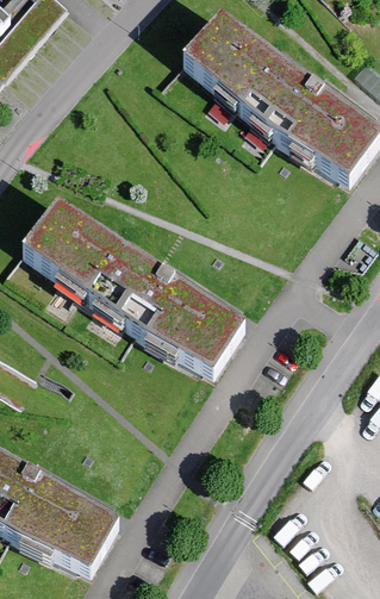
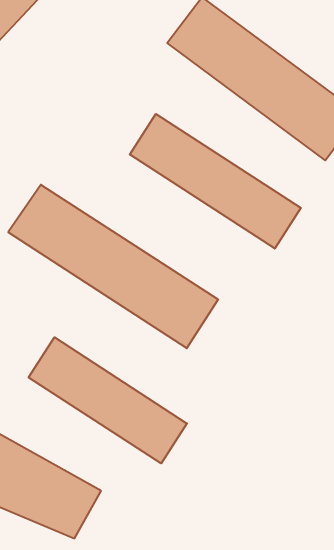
building: none -> [130,114,301,249]
building: none -> [29,337,187,463]

